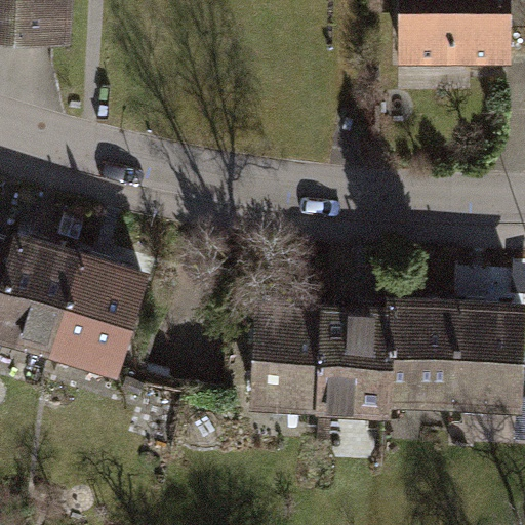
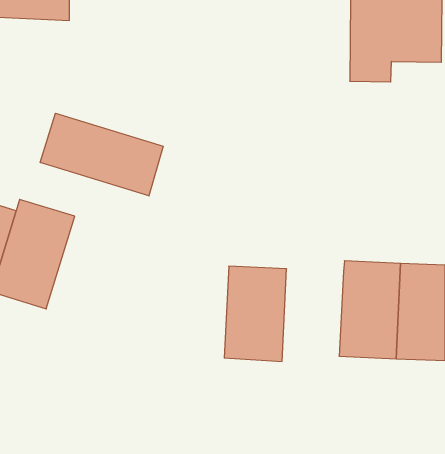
building: none -> [40,113,163,196]
building: [53,249,149,374] -> none
building: [325,310,396,419] -> none

